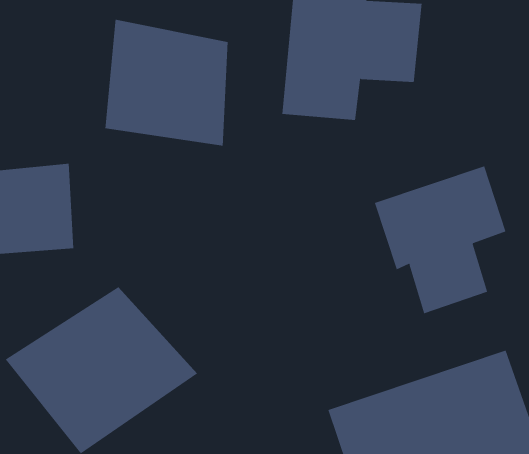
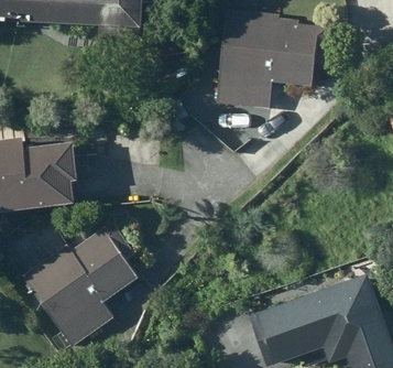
building: [105,19,228,146] -> none
building: [374,165,506,314] -> none

